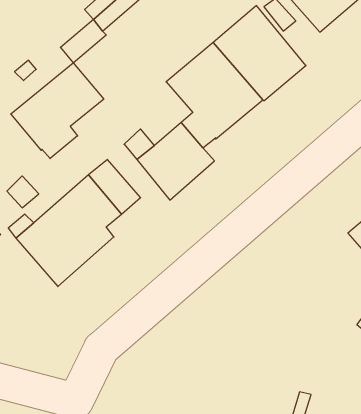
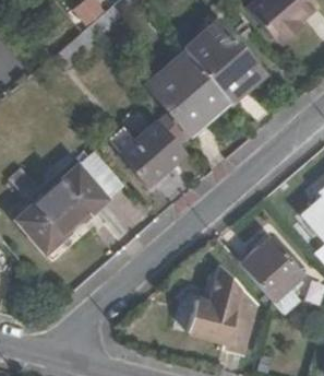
building: [11,63,104,159] -> none
building: none -> [239,237,303,302]
building: none -> [188,266,257,355]

